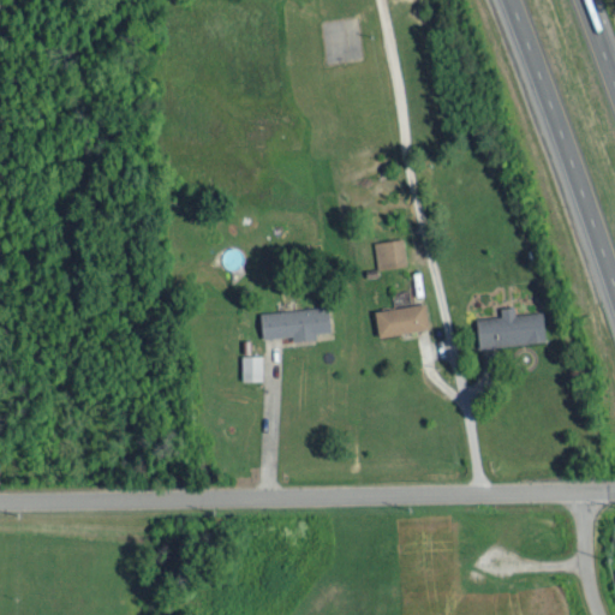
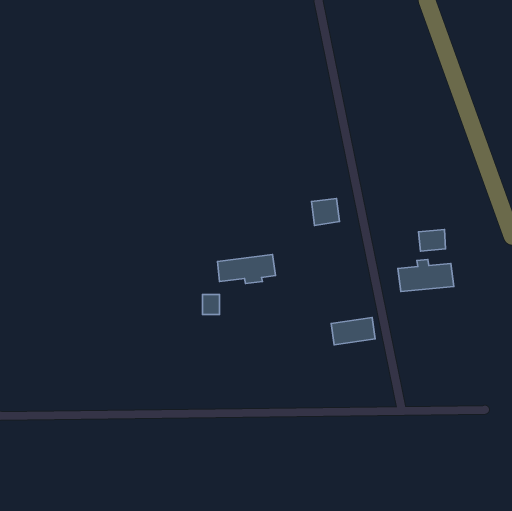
building: none -> [418,229,446,251]
building: [375,305,428,338] -> [331,318,375,345]

